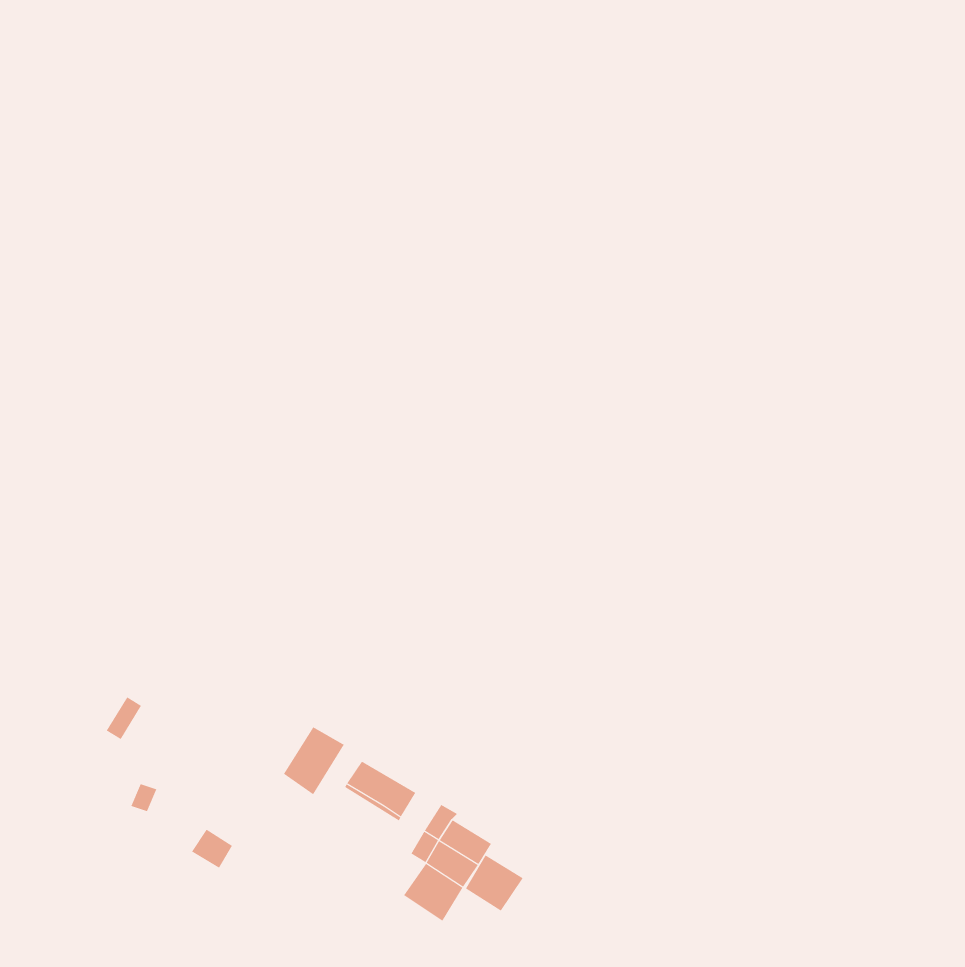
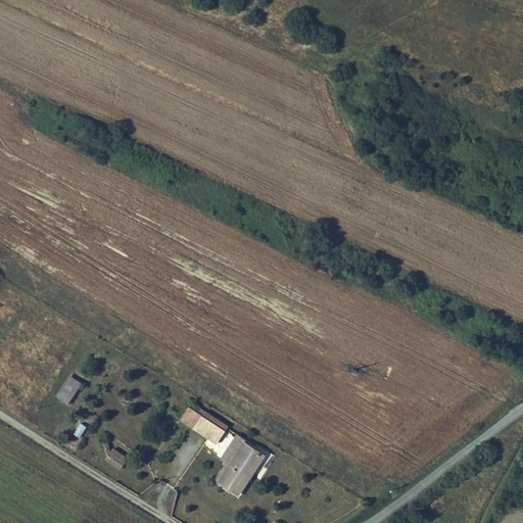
building: [283,727,345,795] -> none
building: [465,854,523,911] -> none

